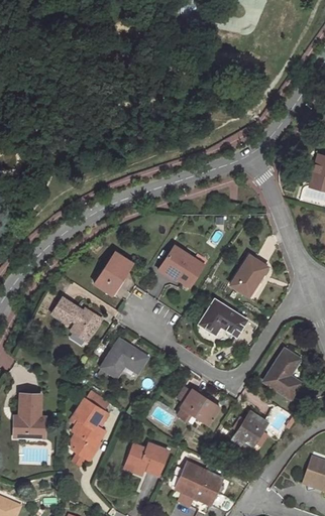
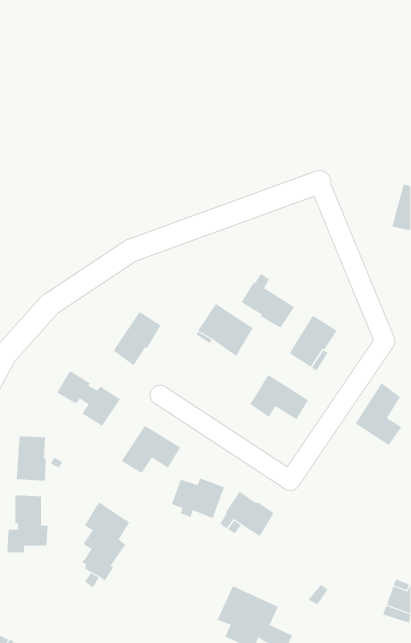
building: none -> [241,273,295,328]
building: none -> [16,436,46,481]
building: [263,348,300,396] -> [355,383,402,446]
building: [232,410,270,449] -> none
building: [126,442,168,474] -> [171,478,225,519]

